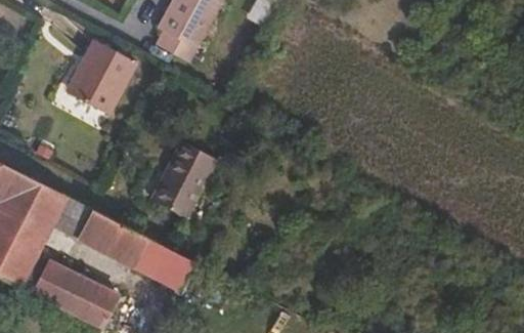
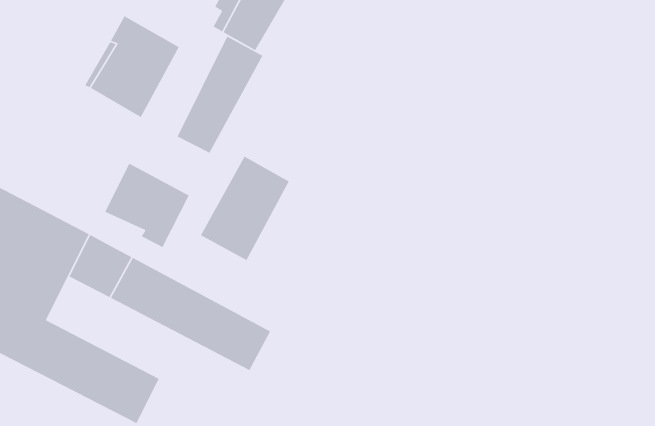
building: none -> [177,36,264,154]
building: none -> [104,162,190,248]

